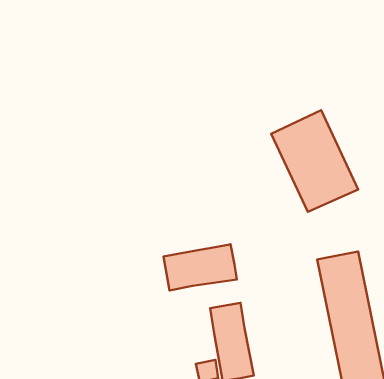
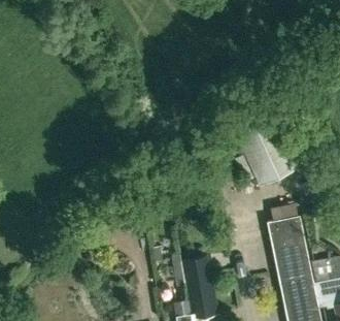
building: [164,244,237,290] -> none

